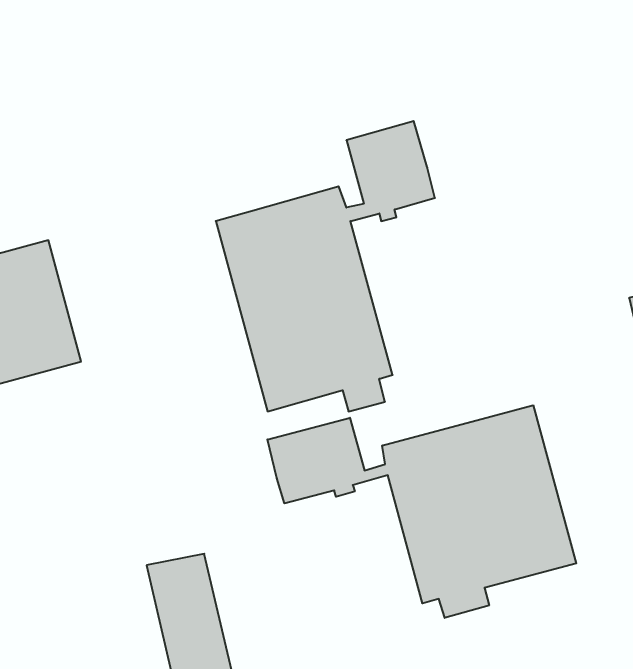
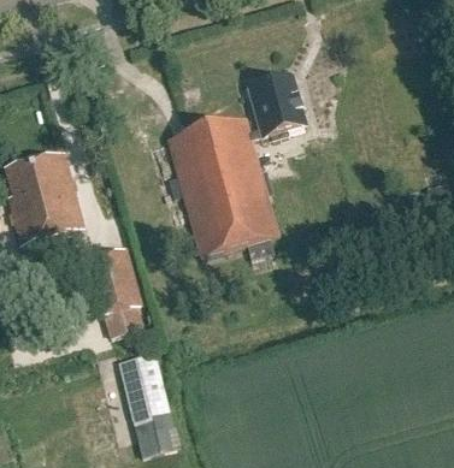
building: none -> [83,244,142,334]
building: [267,405,576,618] -> none

